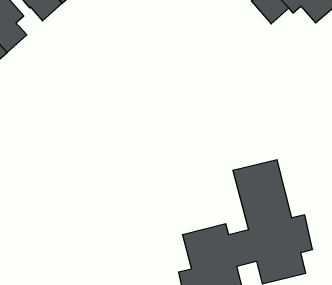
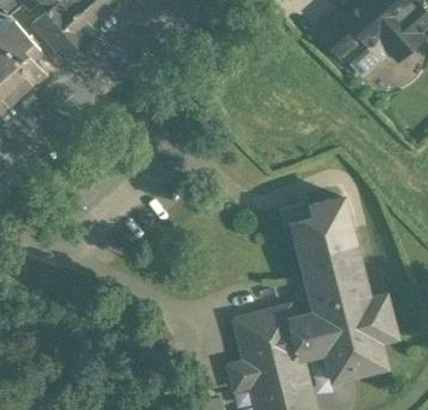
building: none -> [292,199,350,240]

